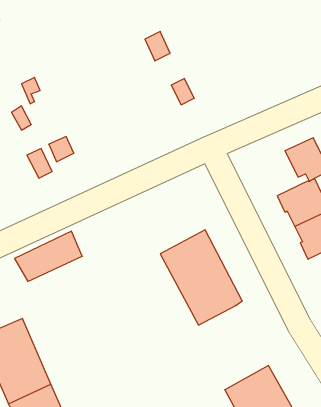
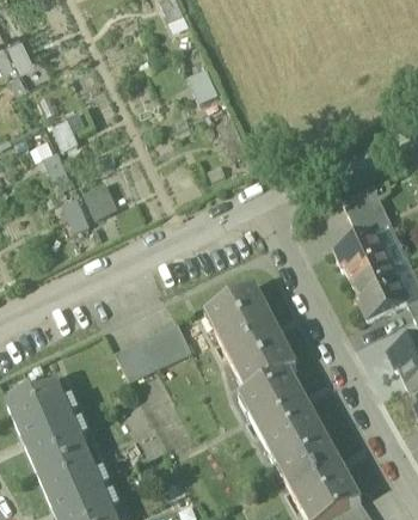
building: [15,231,82,281] -> [117,325,191,380]
building: none -> [240,369,325,461]

